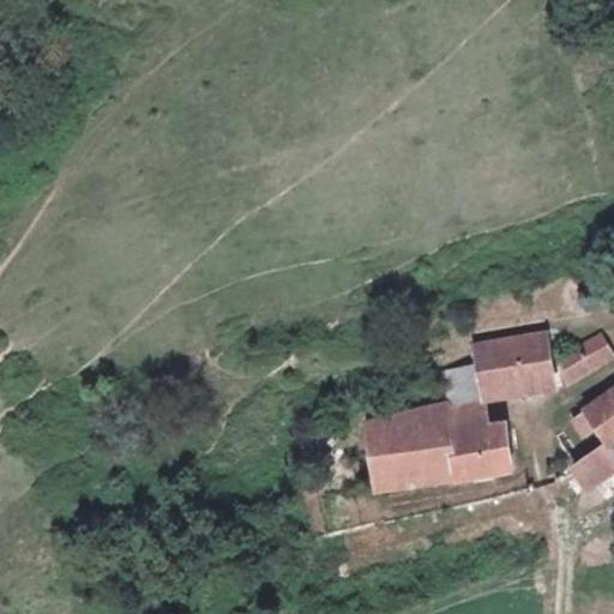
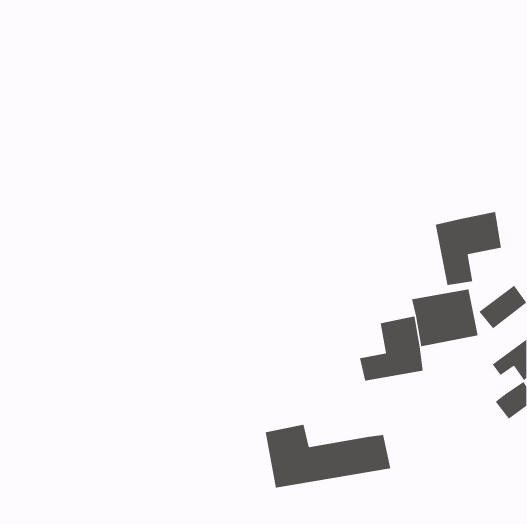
building: none -> [435,211,502,286]
building: [371,415,517,489] -> [265,424,391,488]

